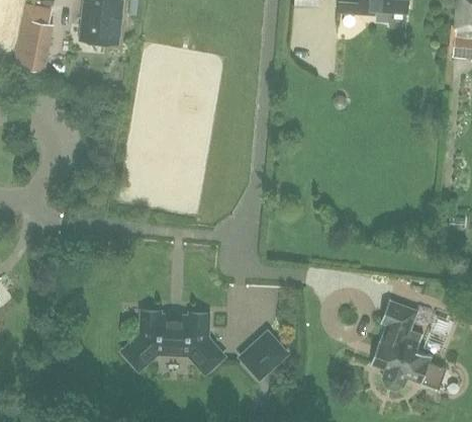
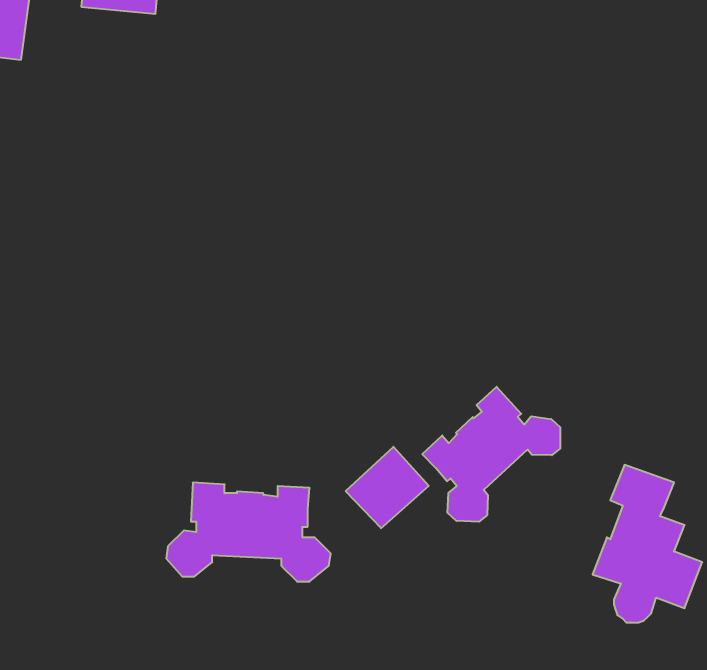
building: none -> [422,387,560,522]
building: [240,332,287,378] -> [346,447,429,528]

